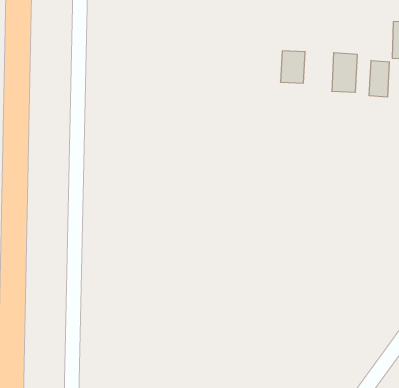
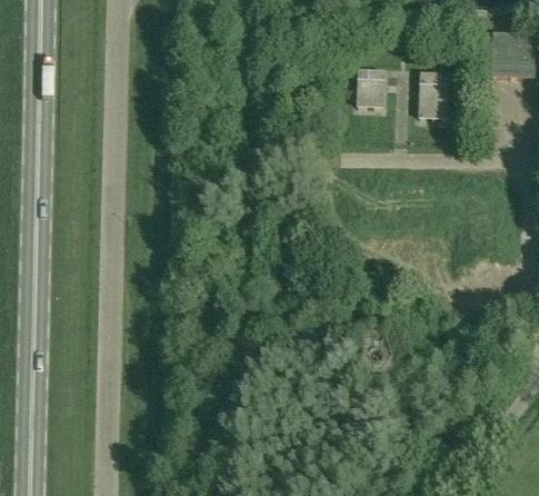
building: [369,60,389,97] -> none

